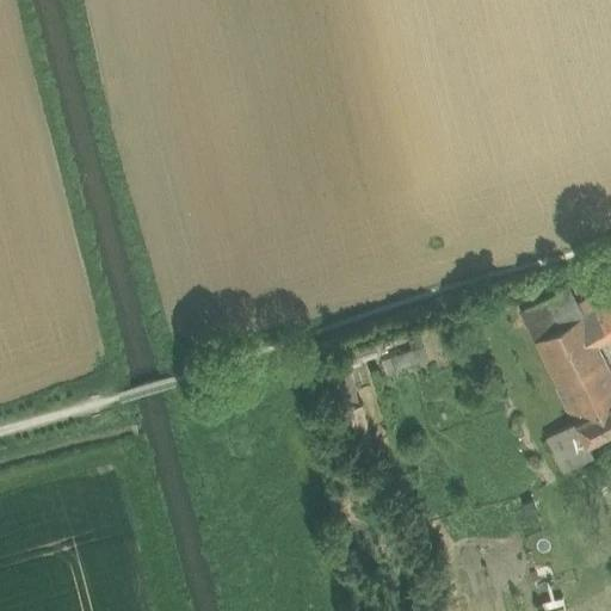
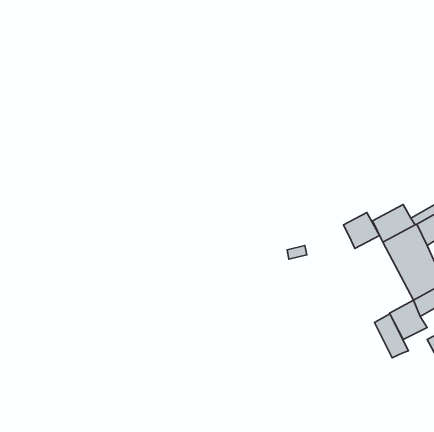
building: none -> [343,213,380,248]
building: none -> [374,314,408,358]

